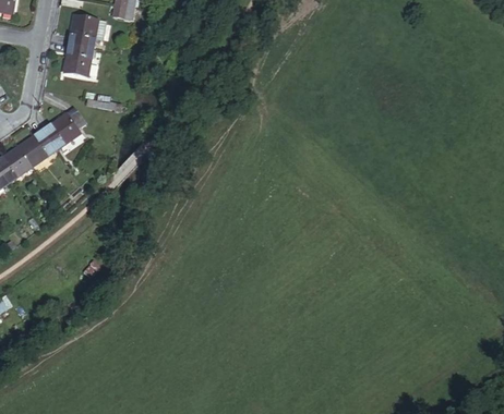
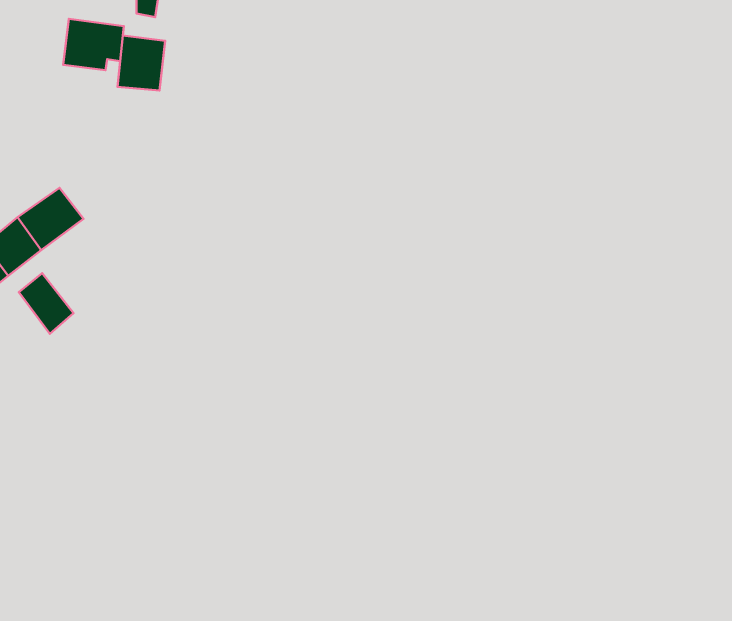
building: [65,39,94,72] -> [117,35,165,90]
building: none -> [19,273,73,334]

